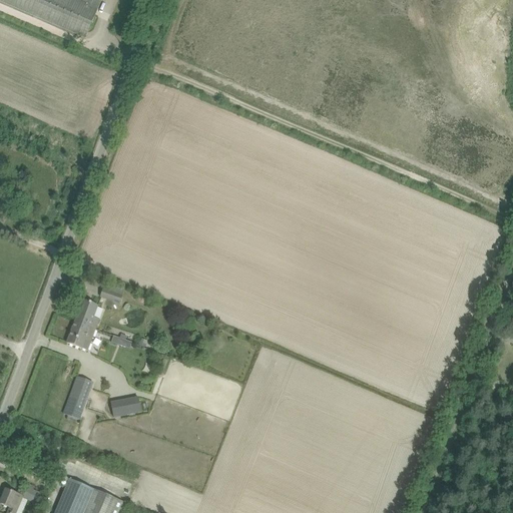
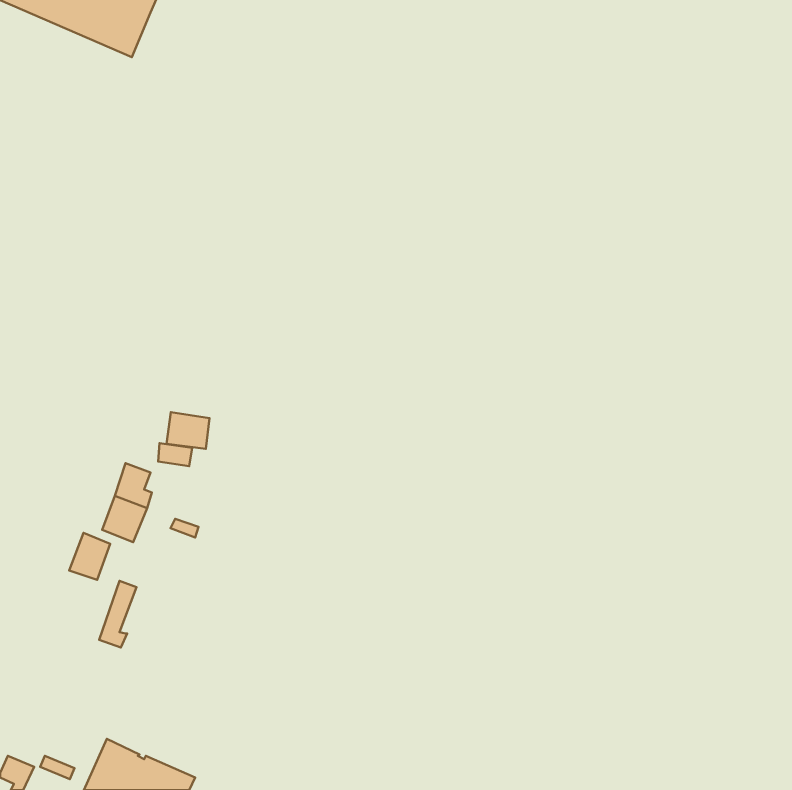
building: none -> [166,412,209,449]
building: none -> [69,533,110,580]
building: [112,395,144,417] -> none

